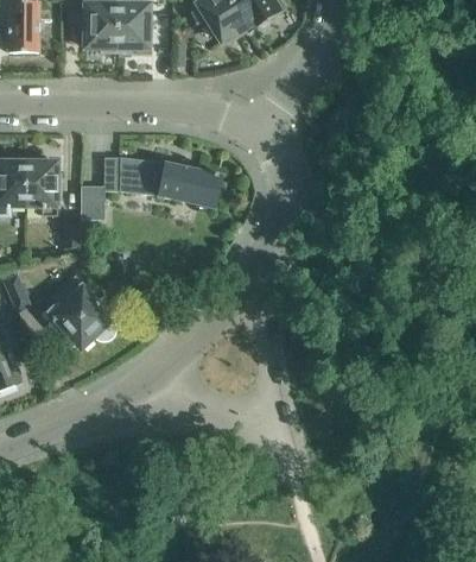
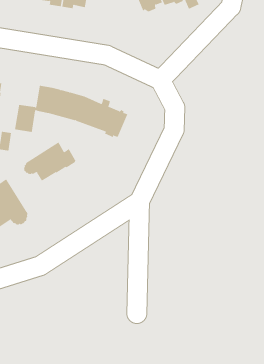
building: none -> [23,142,76,182]

